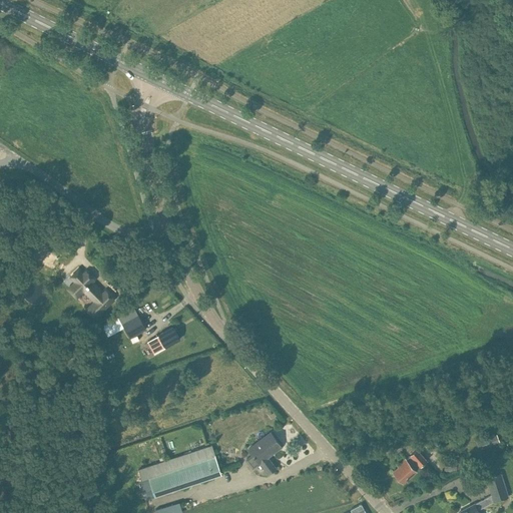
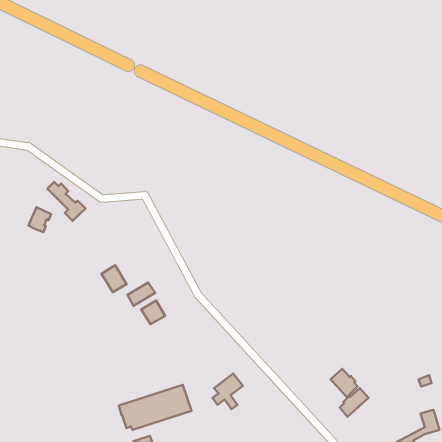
building: [69,270,113,315] -> [47,182,86,221]
building: none -> [141,300,165,324]
building: none -> [331,369,358,397]

